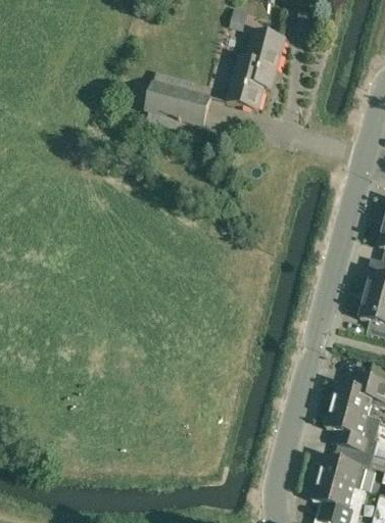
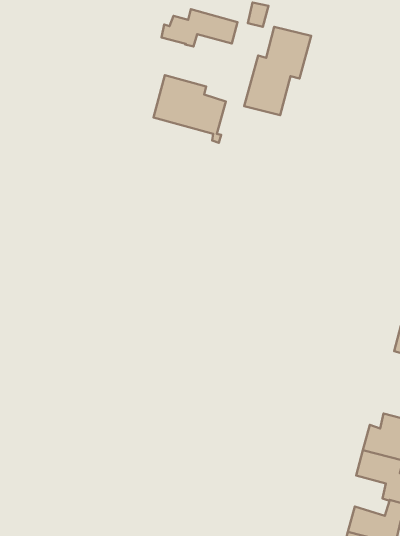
building: none -> [162,9,237,46]

